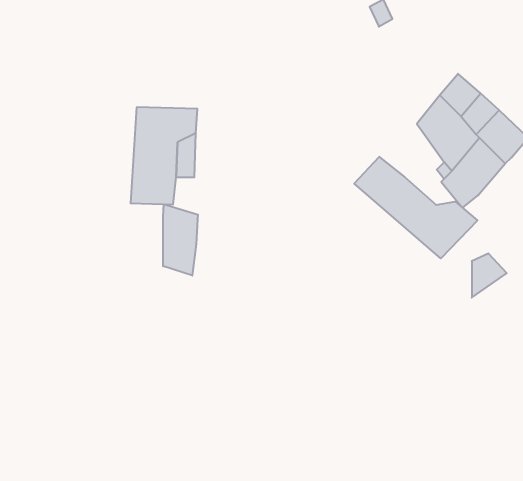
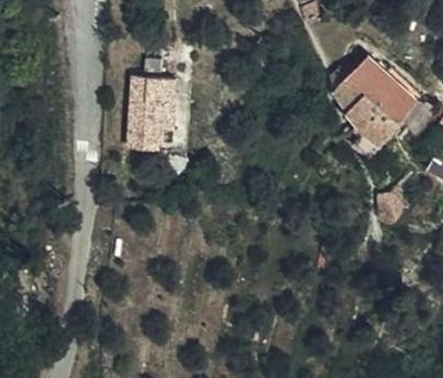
building: [354,157,477,258] -> none
building: [163,204,198,276] -> none

